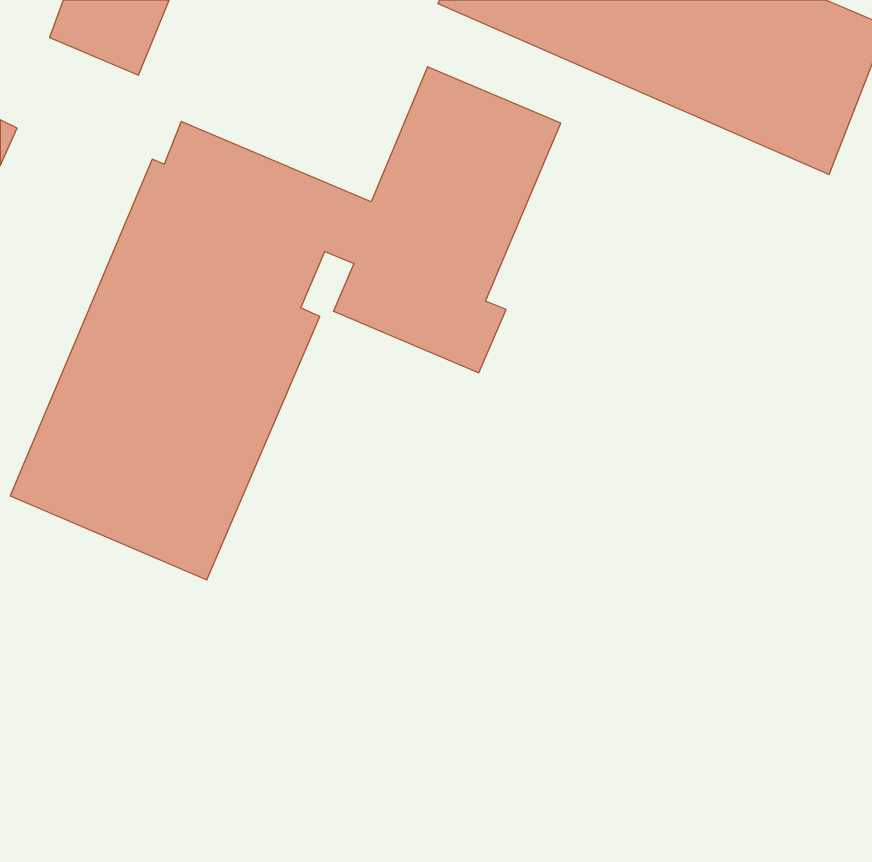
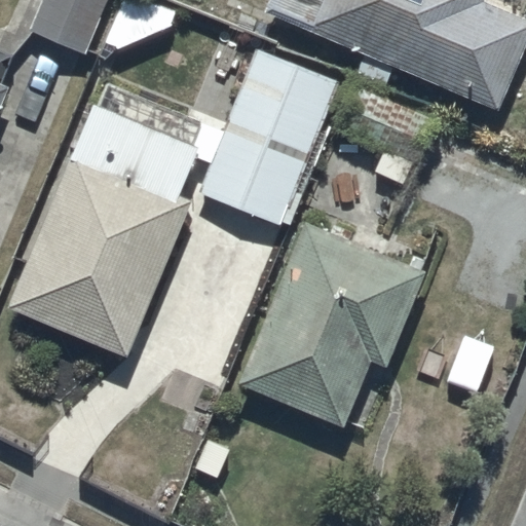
building: none -> [240,220,425,426]

